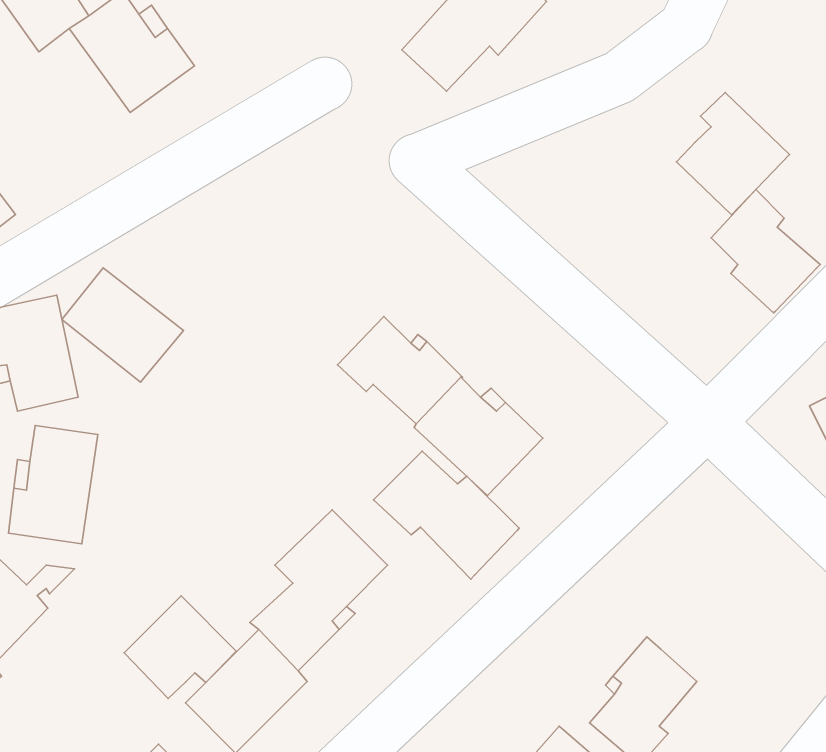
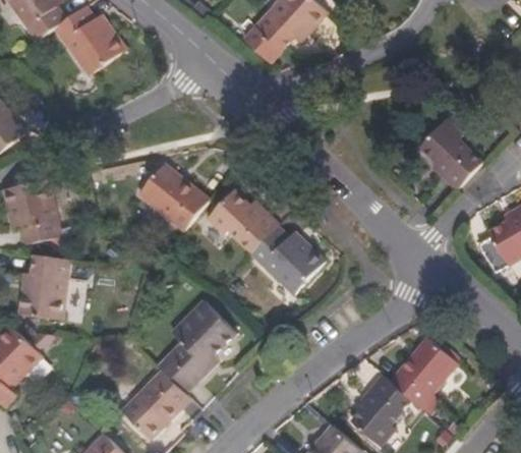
building: [677,93,789,215] -> none
building: [62,268,184,382] -> [139,164,209,229]
building: [373,451,519,579] -> none
building: none -> [391,336,457,405]
building: [124,596,236,698] -> none

